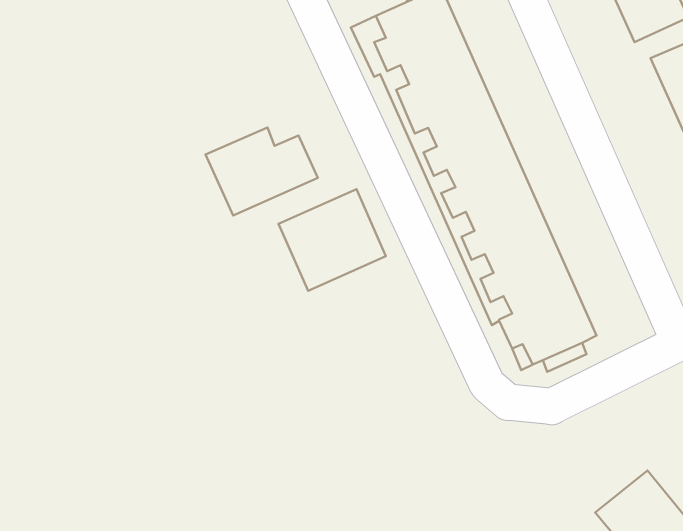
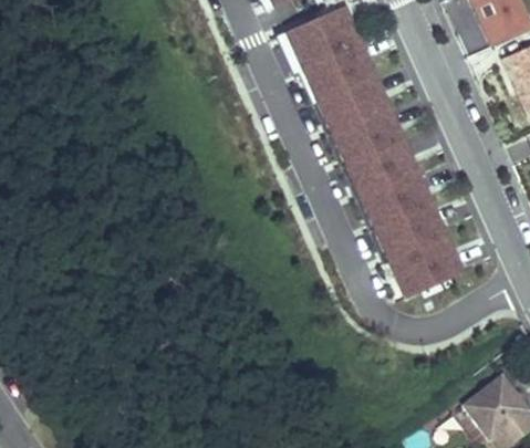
building: [205,128,318,216] -> none
building: [279,189,386,291] -> none

